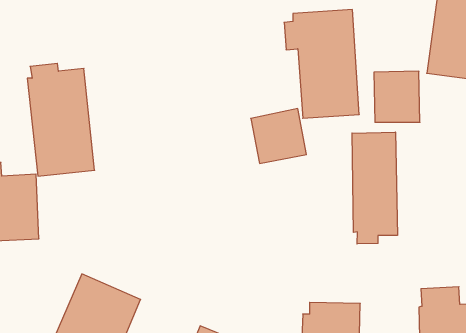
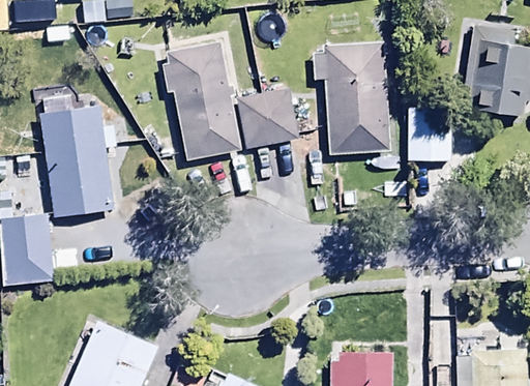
building: none -> [161,39,243,159]
building: [251,109,306,163] -> [239,89,298,147]
building: [352,132,397,244] -> none

